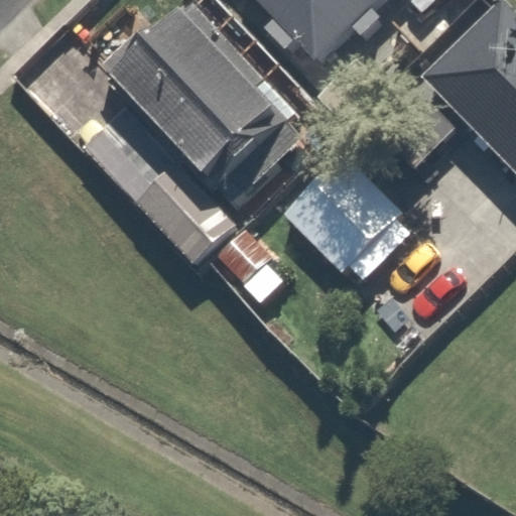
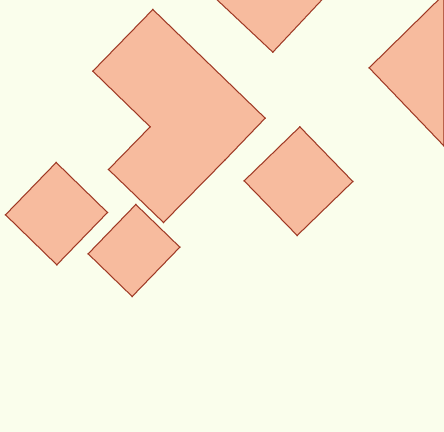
building: none -> [6,163,108,265]
building: none -> [88,204,180,296]

